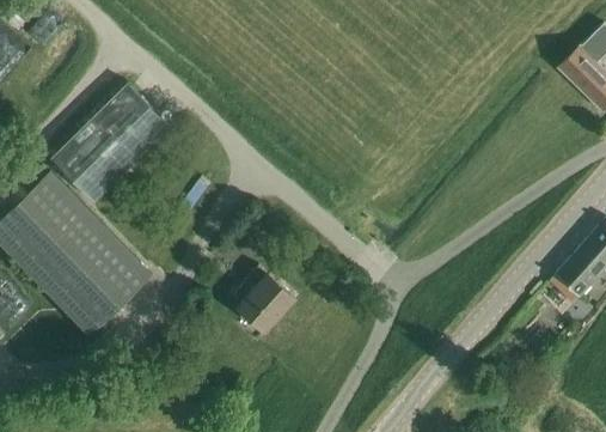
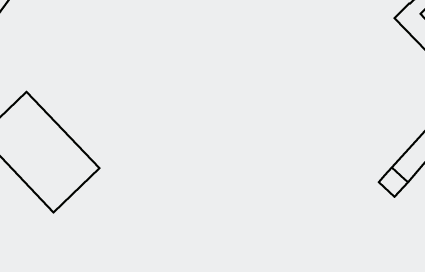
building: [51,84,172,205] -> none
building: [233,267,295,333] -> none

